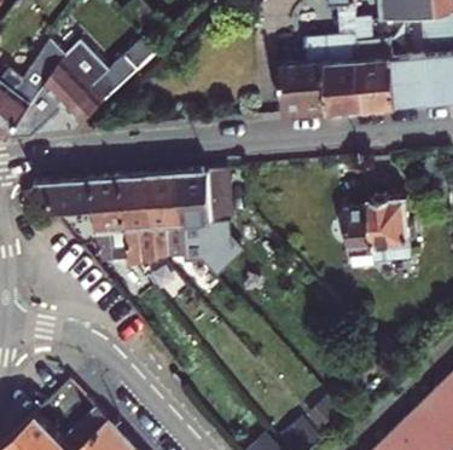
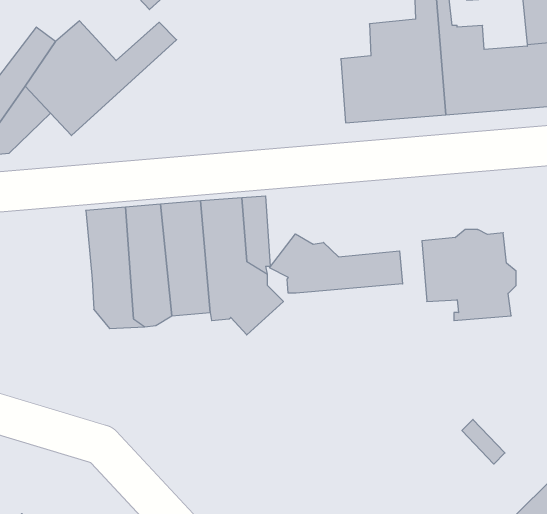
building: [37,180,94,233] -> none
building: none -> [270,234,403,293]

